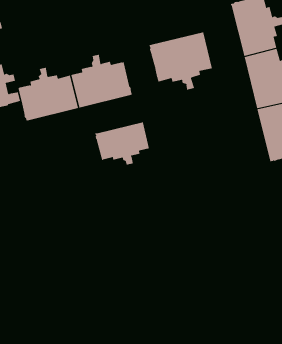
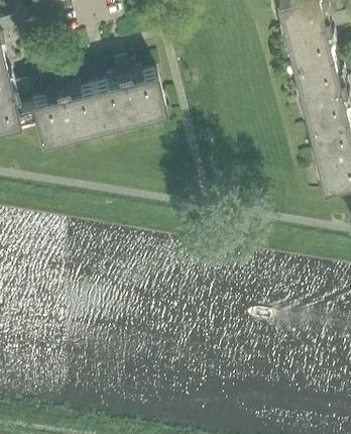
building: [149,31,212,91] -> none
building: [95,121,150,166] -> none

